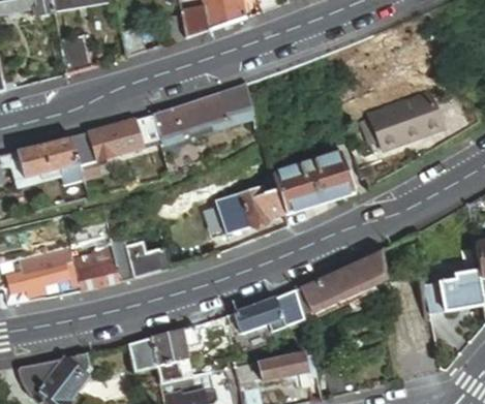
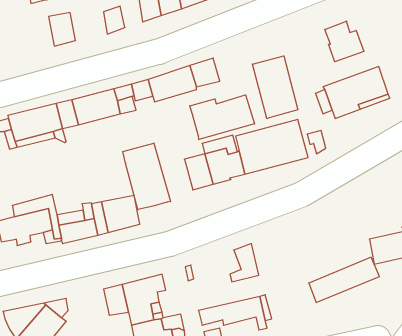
building: none -> [325,21,364,62]
building: none -> [252,56,298,119]
building: none -> [190,95,255,140]
building: none -> [123,143,170,210]
building: [298,257,376,308] -> [309,257,379,303]
building: [230,297,280,336] -> none

